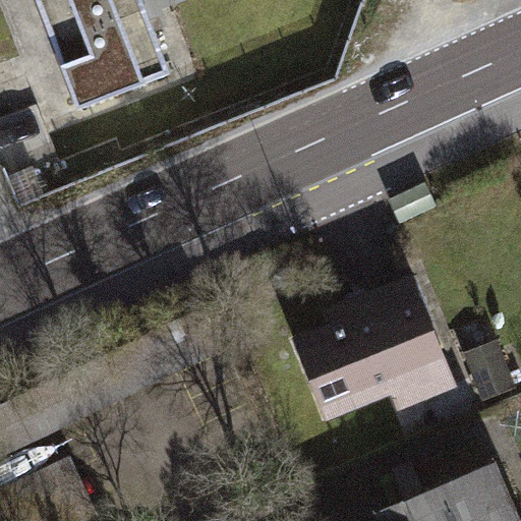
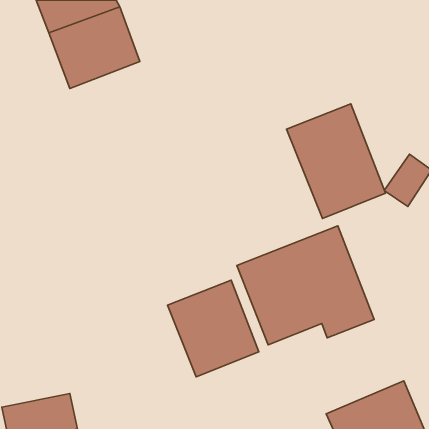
building: none -> [287,104,385,218]
building: none -> [167,280,259,377]

